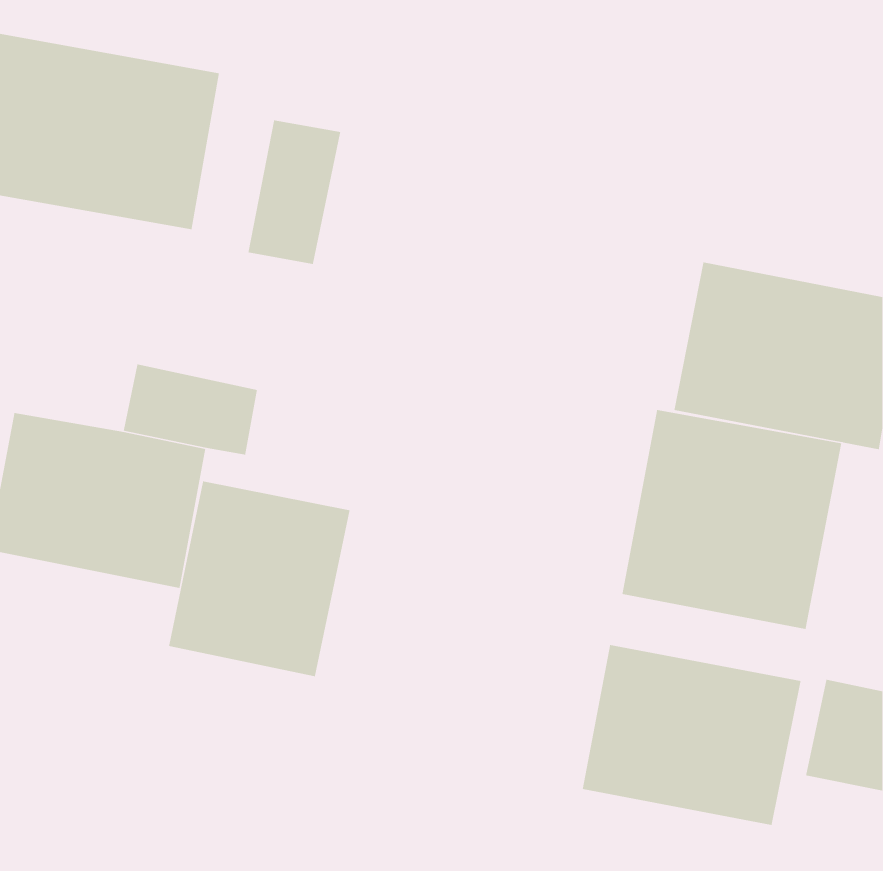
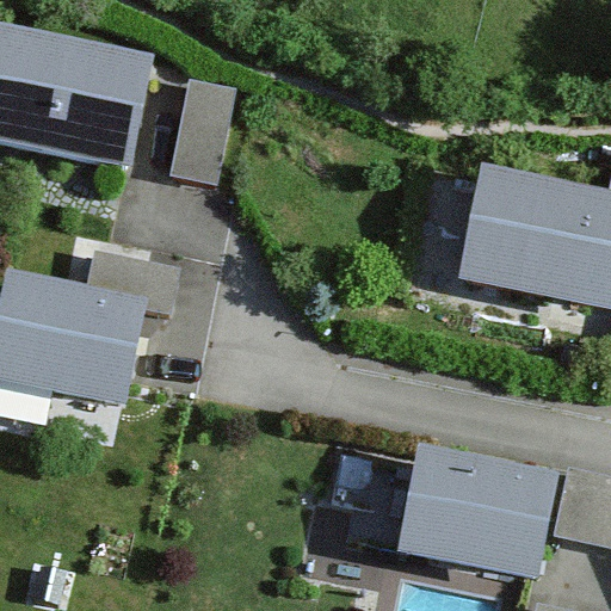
building: [621,409,842,630] -> none
building: [168,481,350,677] -> none

